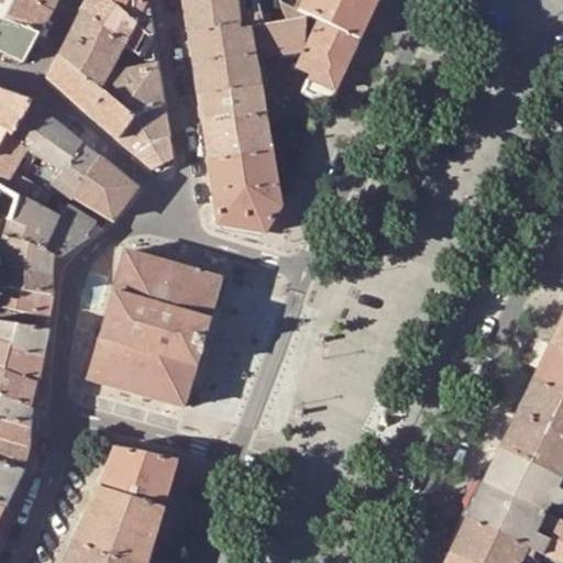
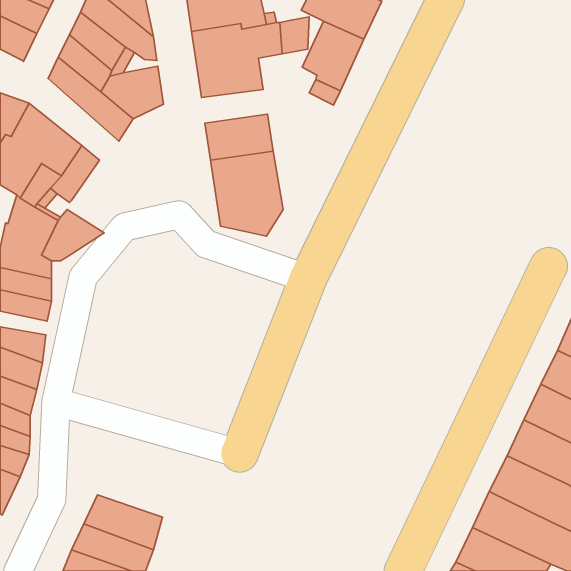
building: [199,88,264,121] -> none
building: [118,102,172,173] -> none
building: [71,157,135,220] -> none
building: [87,251,219,406] -> none
building: [97,446,176,508] -> none

